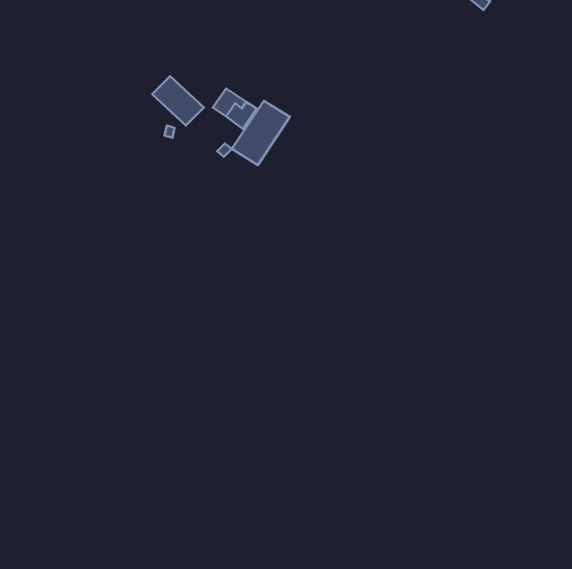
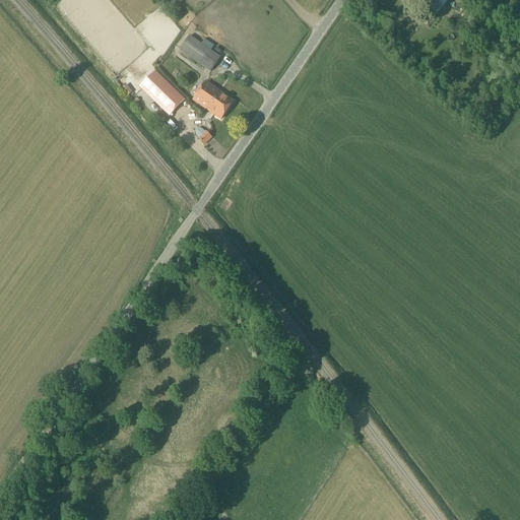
building: none -> [178,34,220,70]
building: [232,101,290,165] -> none

